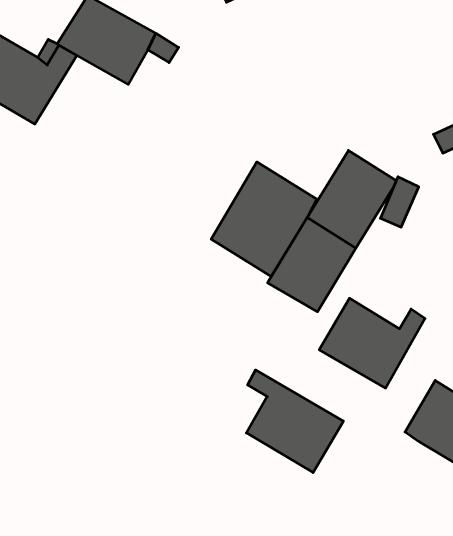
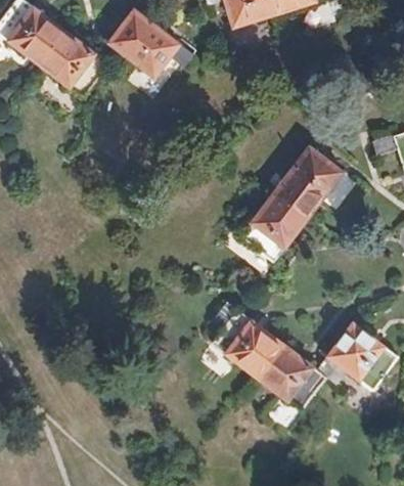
building: [211,162,317,277] -> none
building: [319,298,425,388] -> [255,343,334,411]

